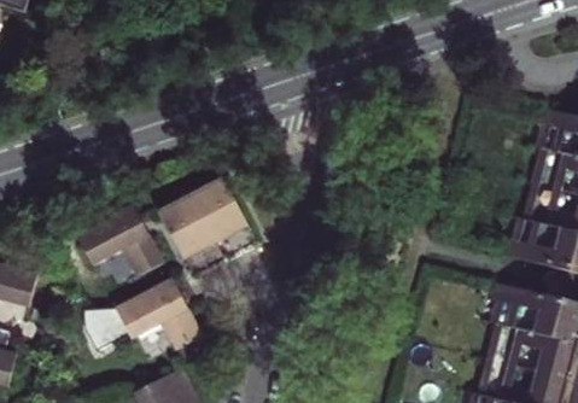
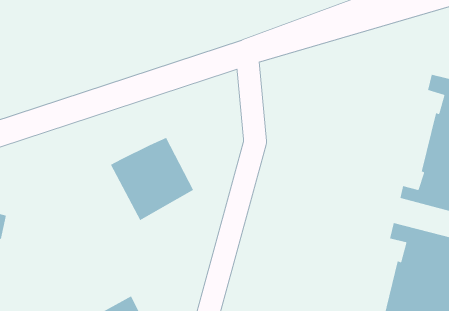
building: [69,199,156,271] -> none
building: [76,275,195,346] -> none

